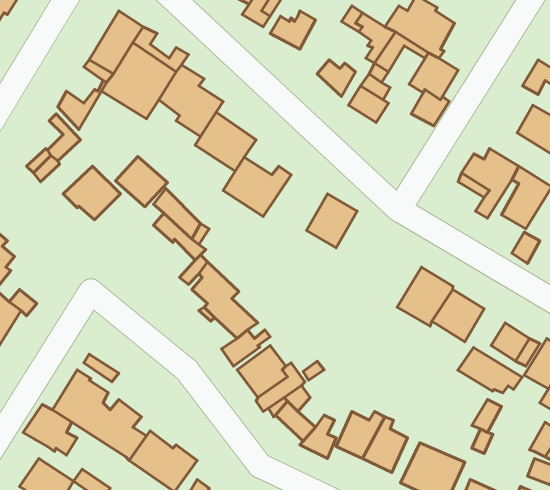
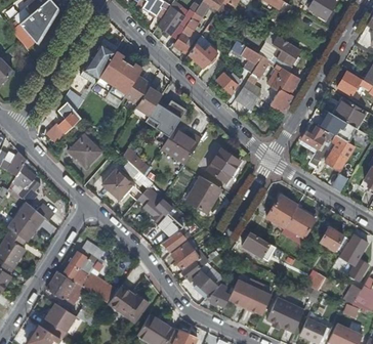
building: [115,156,168,207] -> [101,168,132,198]
building: none -> [186,173,221,210]
building: [458,348,522,393] -> [241,230,279,257]

